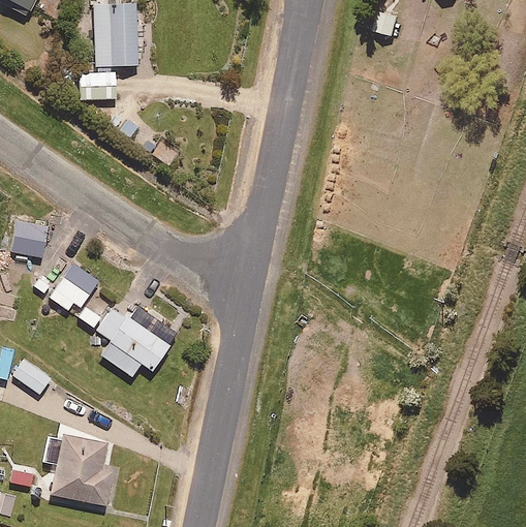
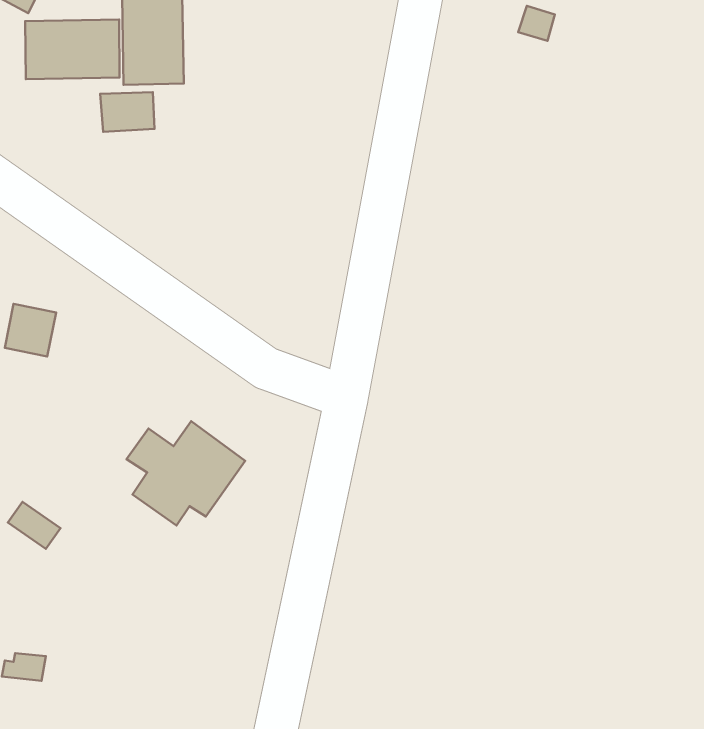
building: none -> [25,20,120,79]
building: [48,262,99,327] -> none
building: [51,435,112,504] -> none

